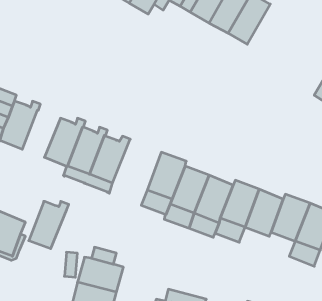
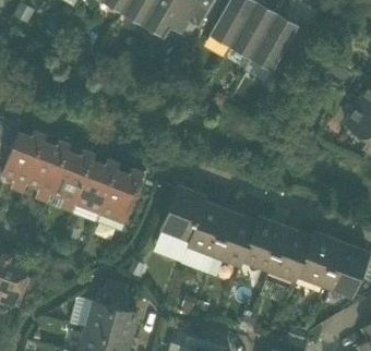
building: [29,201,69,249] -> [27,142,71,193]

